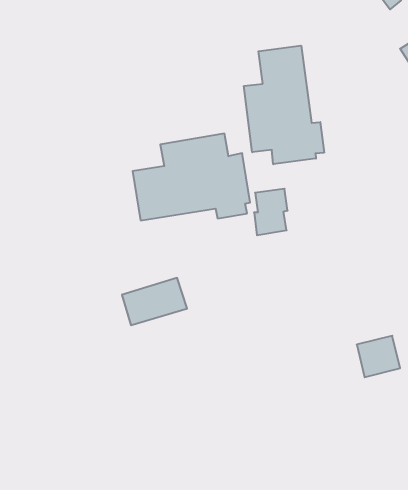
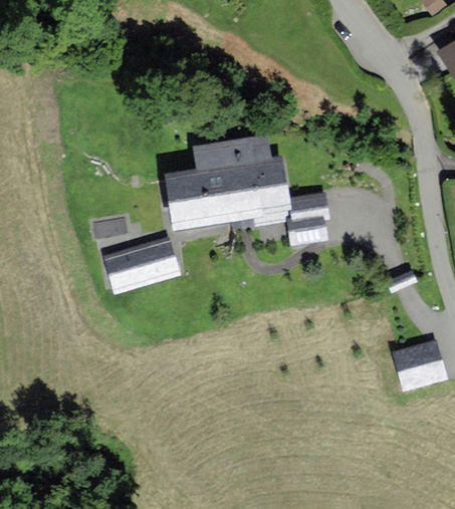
building: [244,46,324,164] -> none
building: [122,278,187,325] -> [107,240,174,288]

